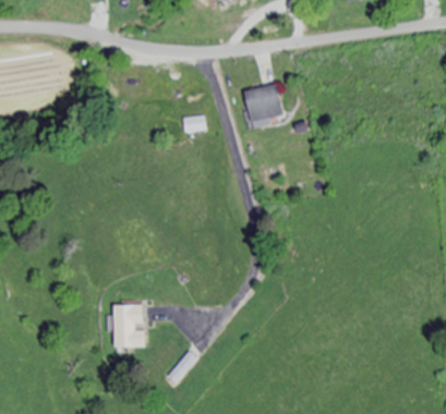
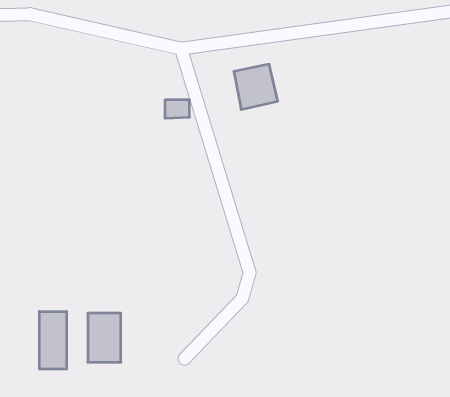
building: none -> [39,311,67,369]

